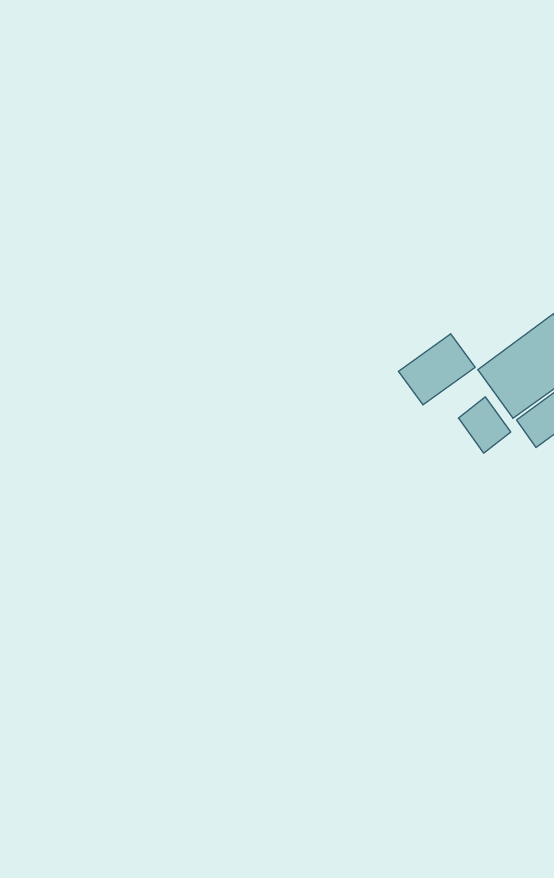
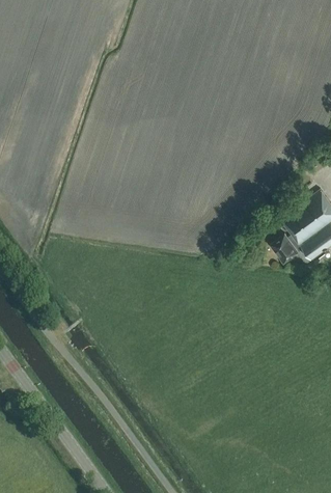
building: [398,334,475,405] -> none

